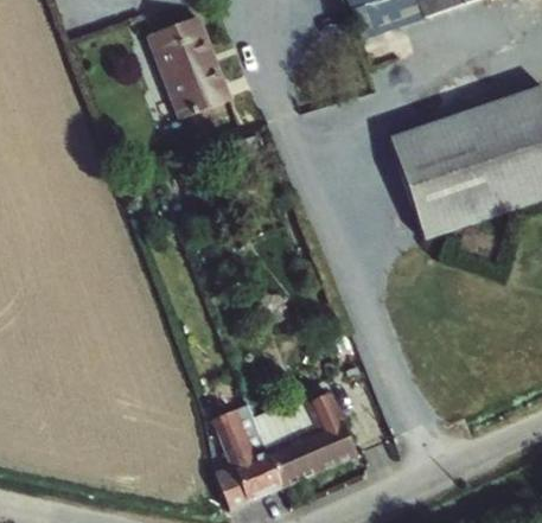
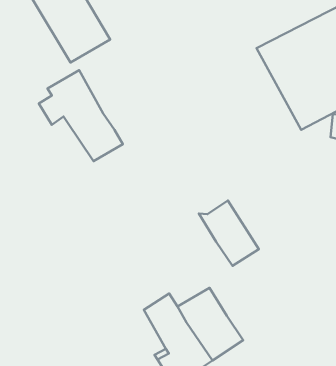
building: none -> [39,70,123,161]
building: [292,391,353,467] -> [199,200,259,266]

